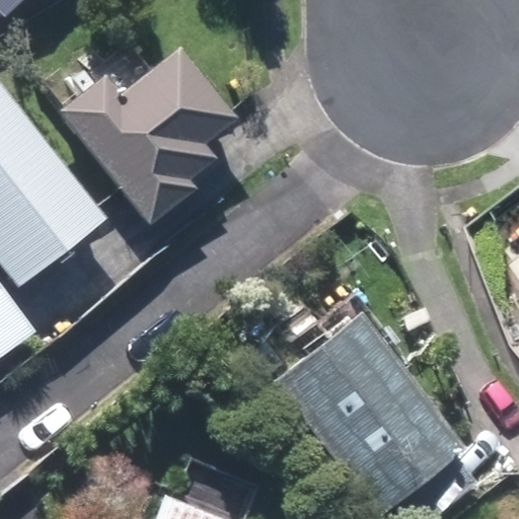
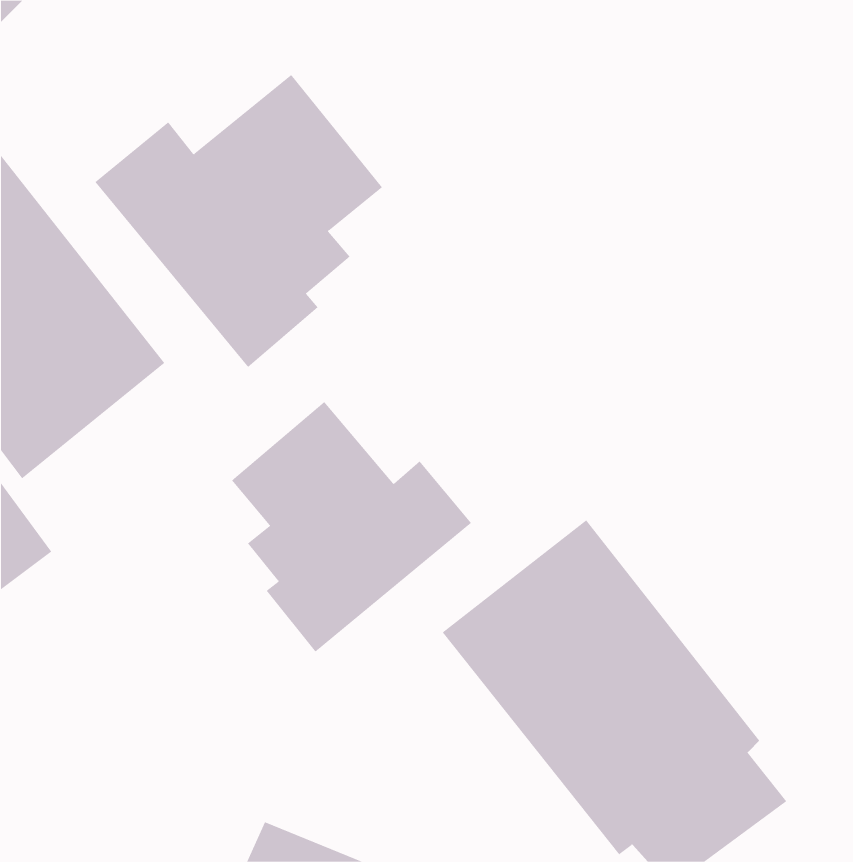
building: none -> [231,401,472,653]

